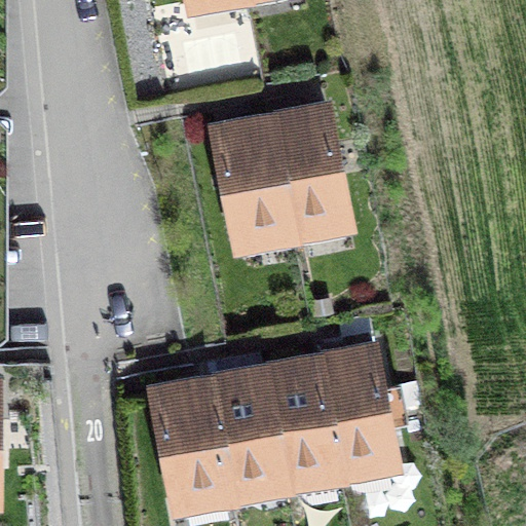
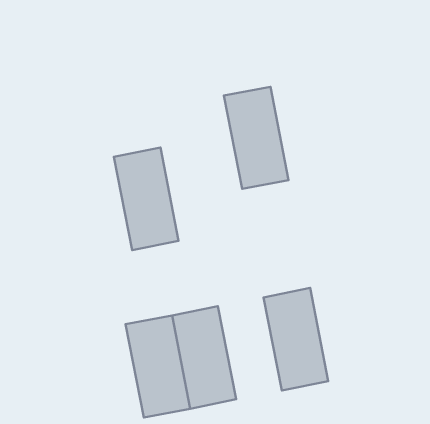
building: [216,122,293,245] -> [114,147,179,250]
building: [264,363,340,484] -> none

